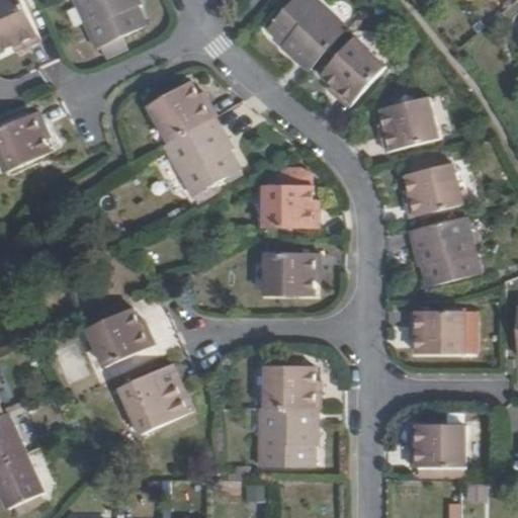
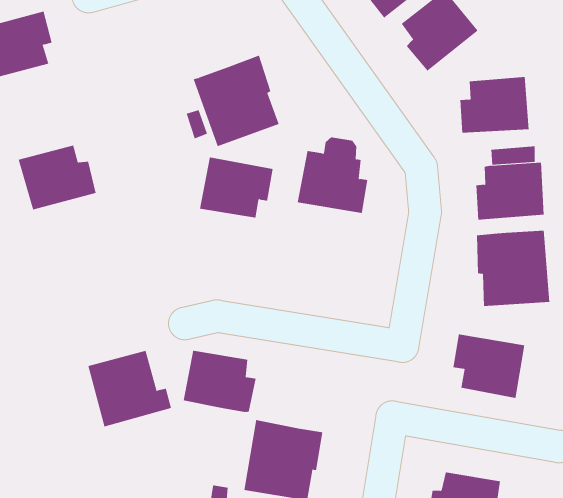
building: [148,82,215,142] -> none
building: [264,252,318,294] -> [199,157,273,218]
building: [85,307,152,364] -> [18,145,96,210]
building: [263,364,319,407] -> [183,350,256,412]

